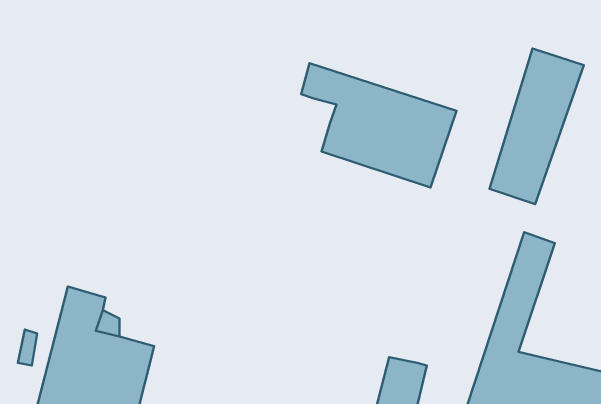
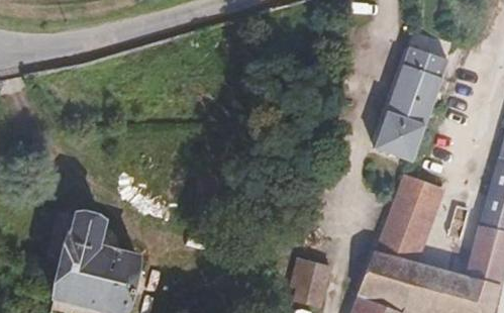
building: [301,63,457,187] -> none
building: none -> [399,182,445,266]

